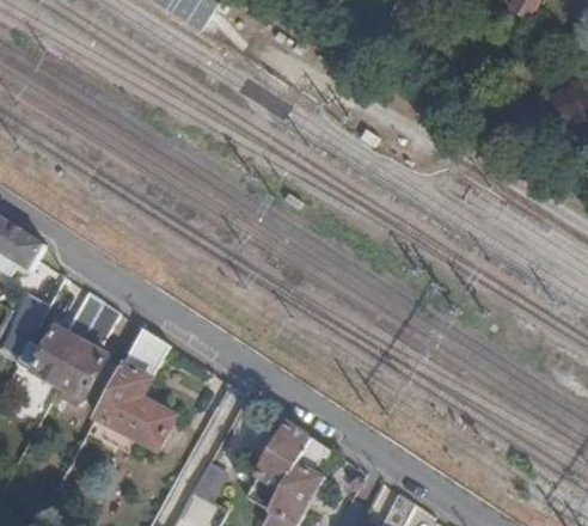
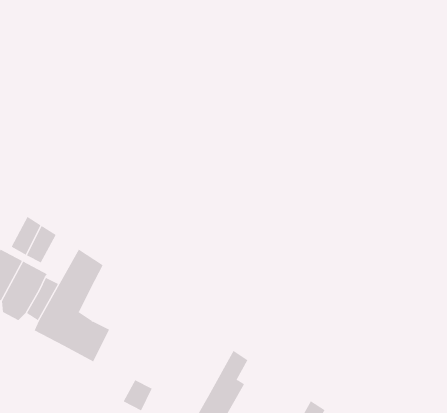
building: [257,415,311,488] -> none

